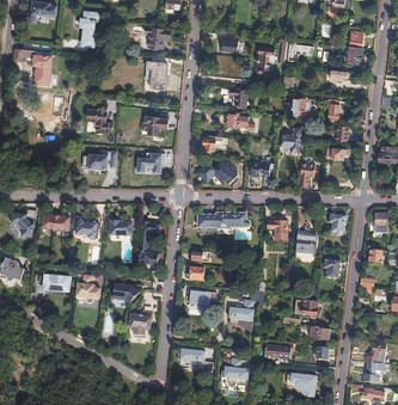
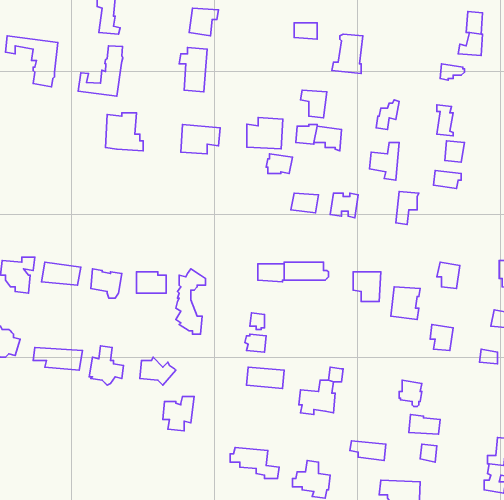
building: none -> [78,46,123,96]
building: [84,151,118,168] -> none
building: [139,151,165,173] -> [247,118,283,149]

